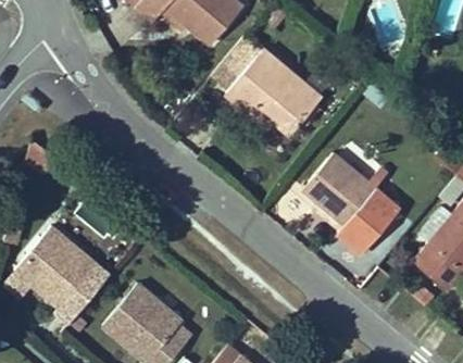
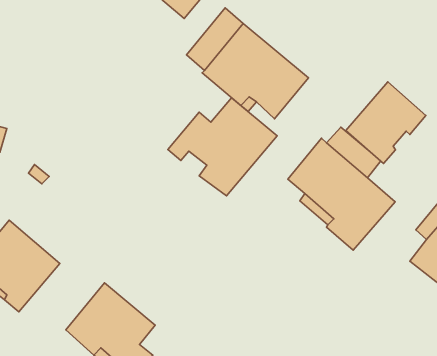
building: none -> [346,82,426,163]
building: none -> [168,98,277,196]

